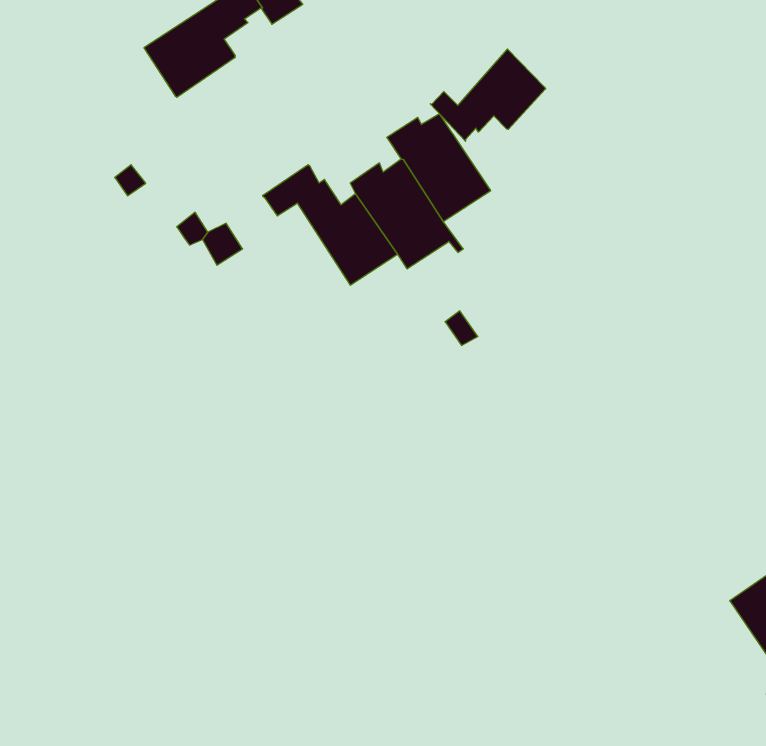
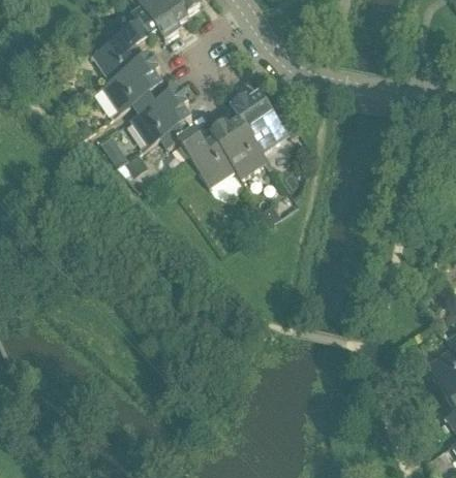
building: none -> [100,52,162,116]
building: [430,49,546,141] -> none
building: none -> [129,86,190,150]

